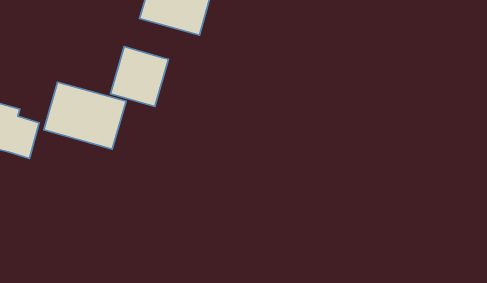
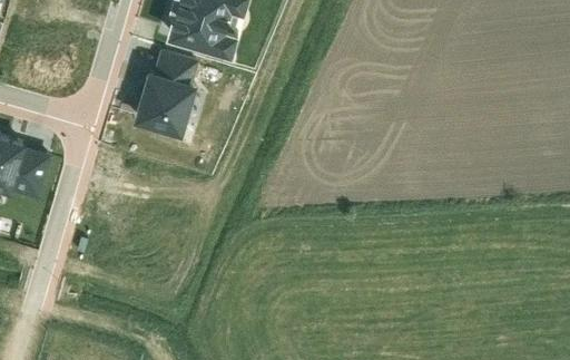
building: none -> [155,53,198,84]
building: [44,82,126,149] -> none

